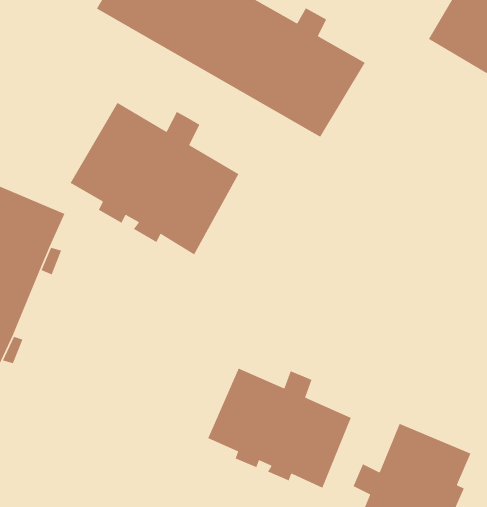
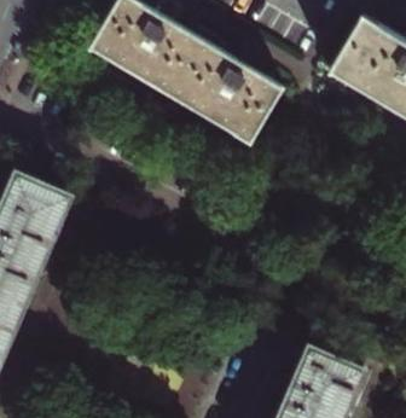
building: [70,102,239,255] -> none
building: [207,367,352,489] -> none

